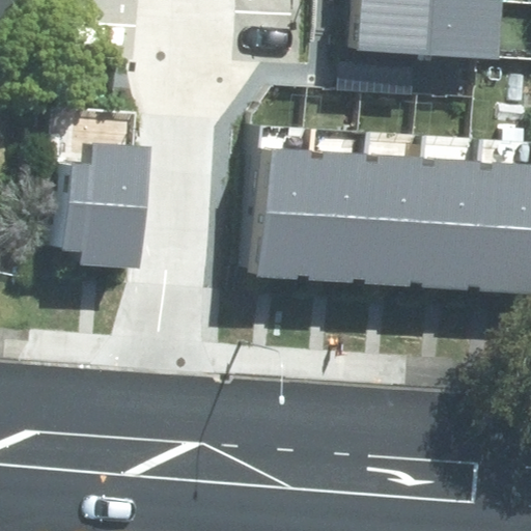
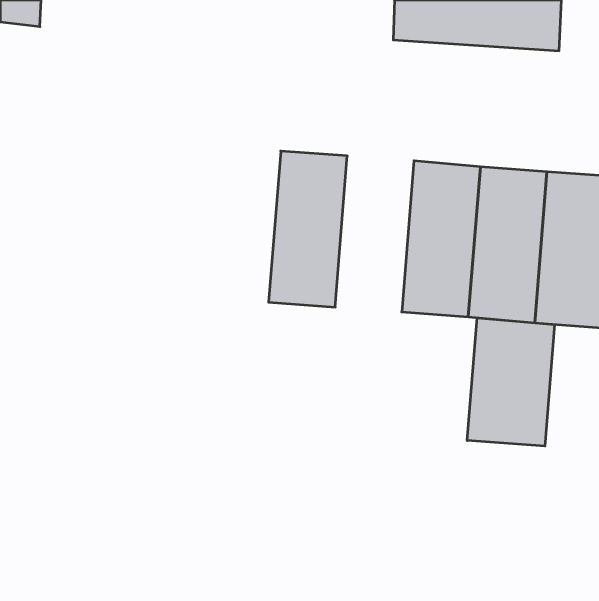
building: [56,142,142,274] -> none
building: [304,148,371,282] -> none
building: none -> [467,318,554,446]

